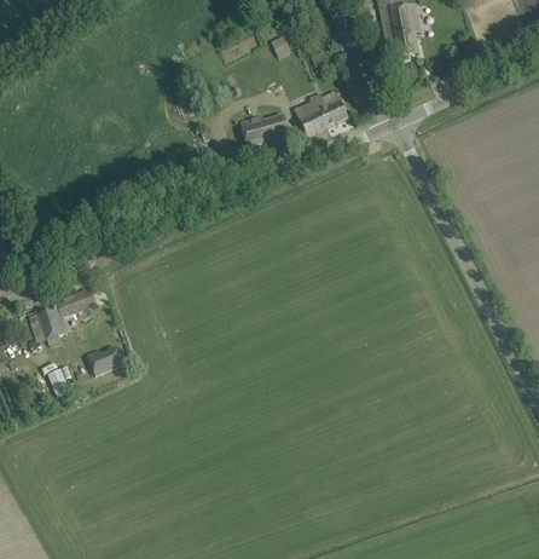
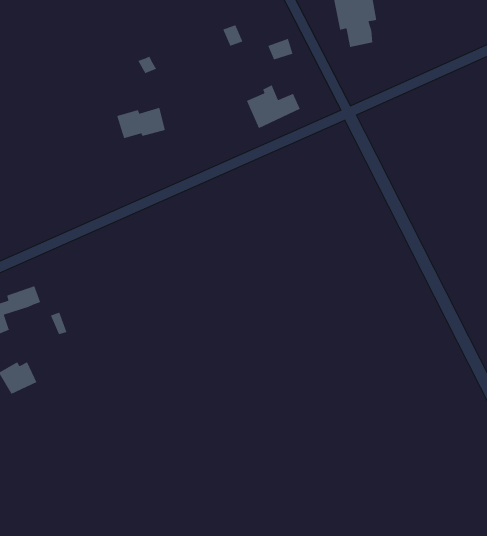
building: [239,114,288,145] -> [116,107,166,139]
building: [86,345,121,374] -> none

